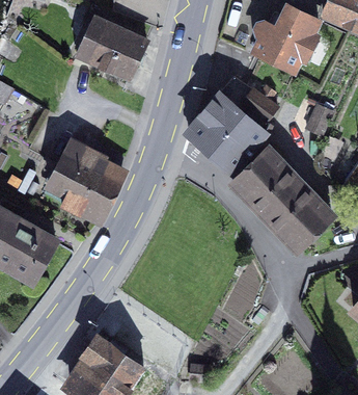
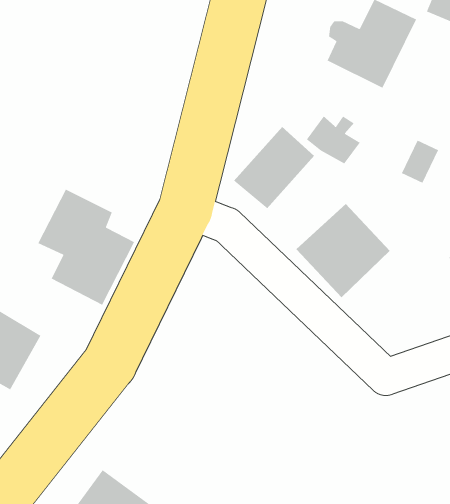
building: [76,16,147,79] -> none
building: [213,113,271,173] -> none
building: [265,183,331,249] -> none

